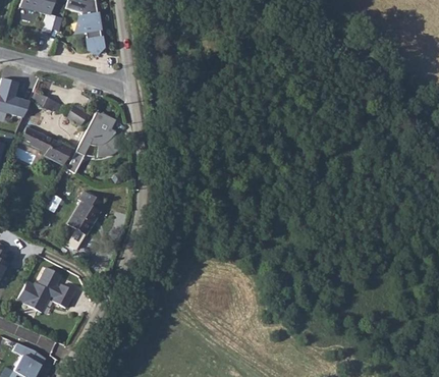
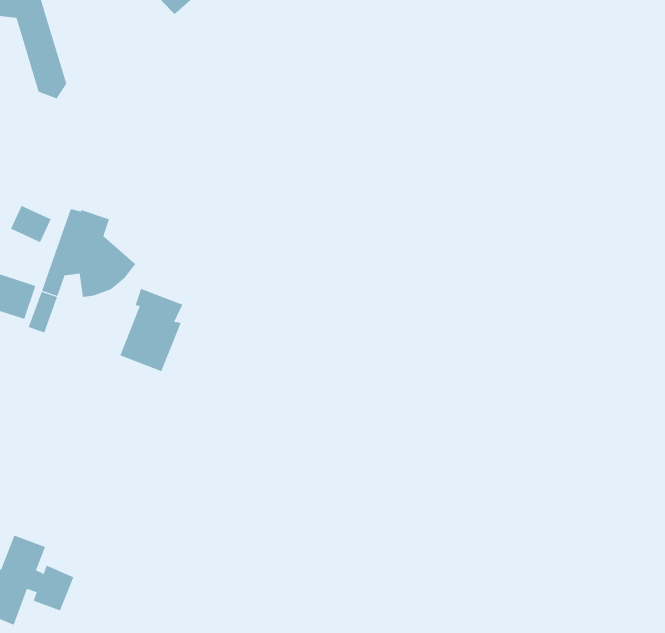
building: [67,191,103,234] -> [119,288,183,372]

